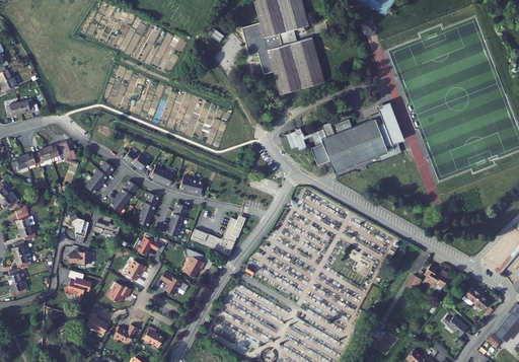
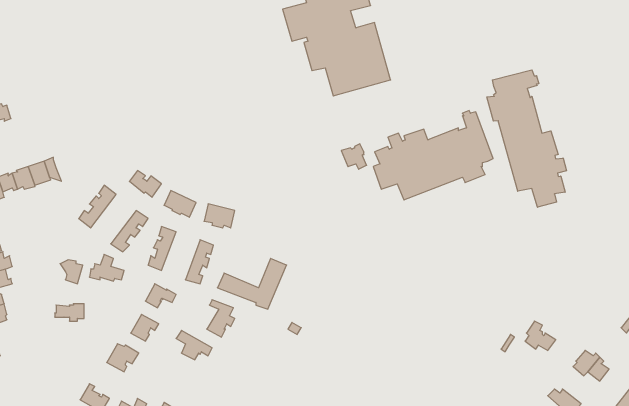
building: none -> [487,70,567,207]
building: [64,271,91,298] -> none

